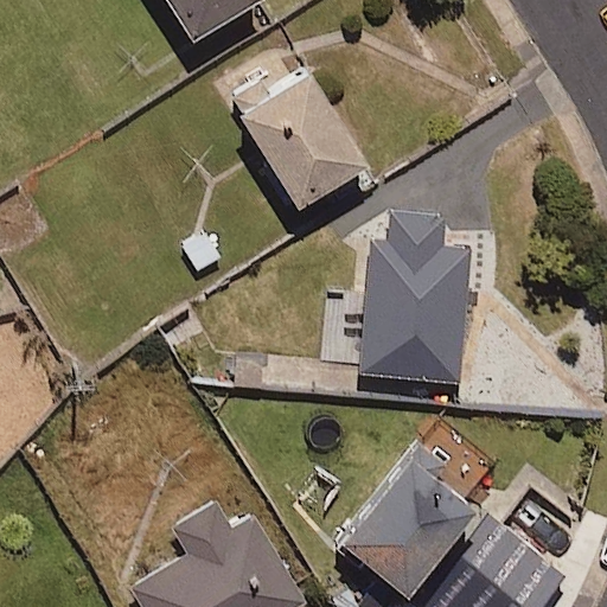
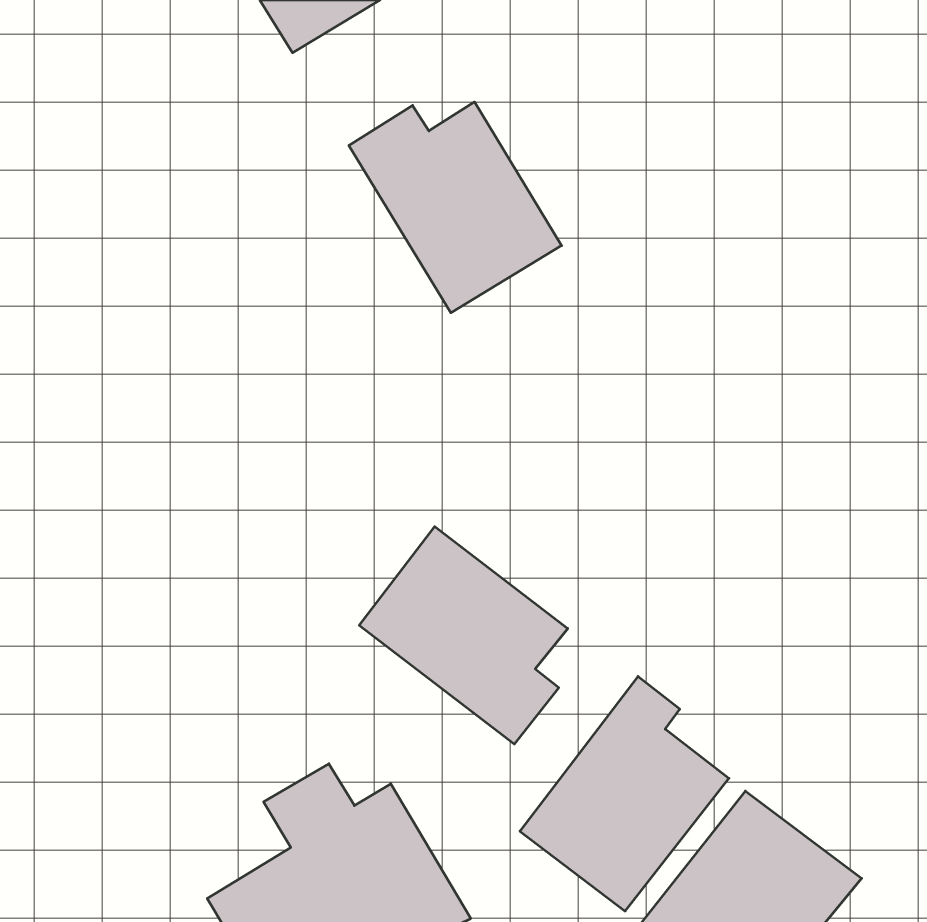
building: [363,212,469,378] -> none
building: none -> [359,527,568,744]

